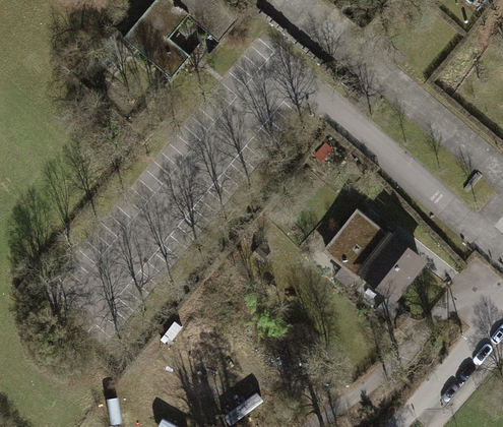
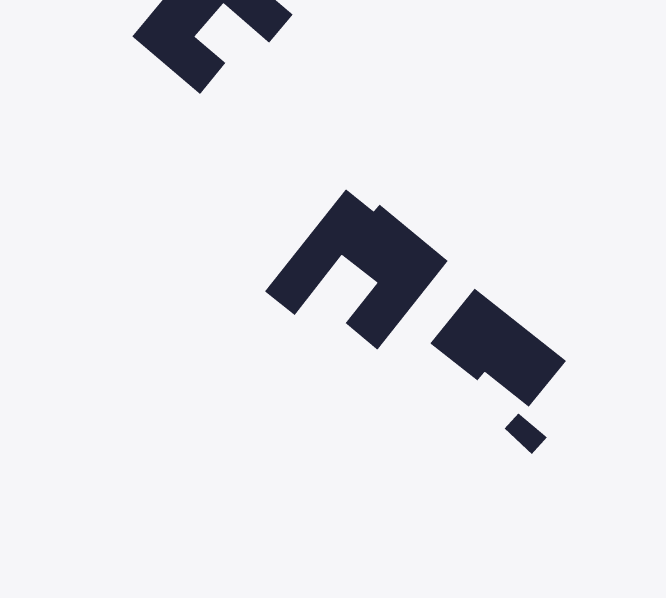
building: none -> [264,188,449,351]

